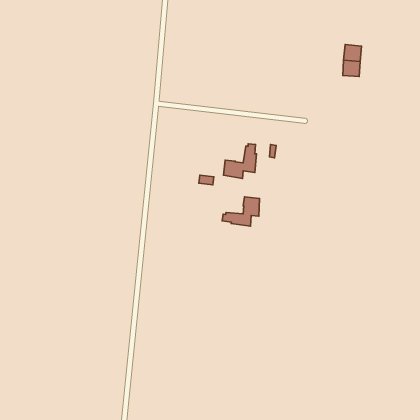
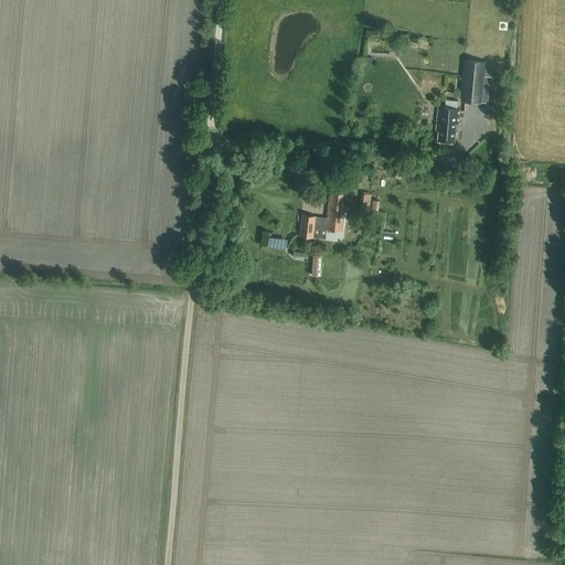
building: none -> [436,98,460,142]
building: [222,197,260,226] -> none

